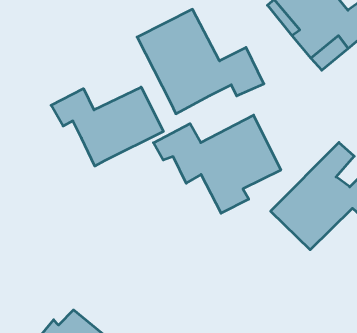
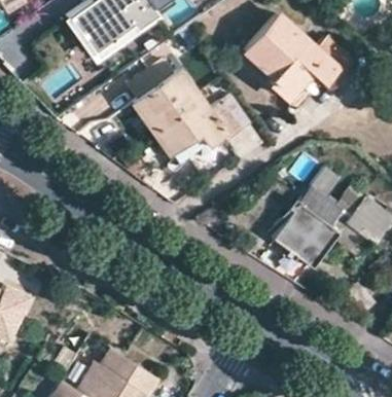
building: [51,87,163,166] -> none
building: [153,115,281,213] -> none

